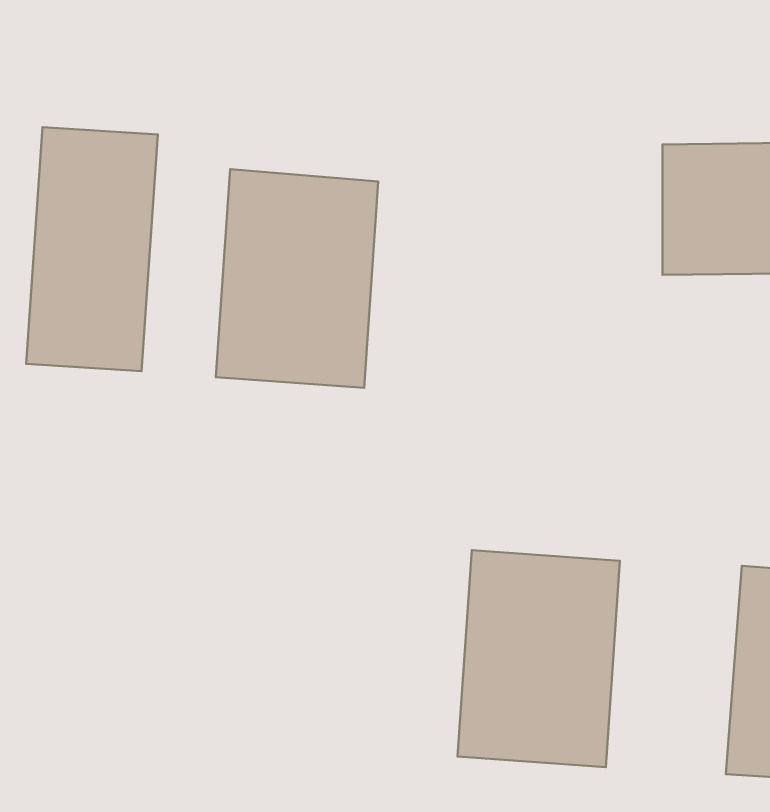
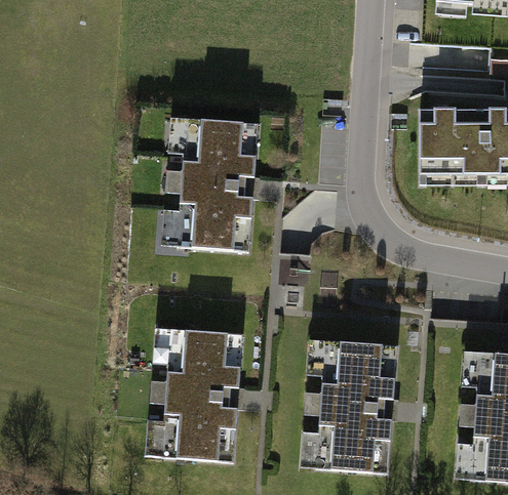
building: [26,127,158,371] -> none
building: none -> [151,329,245,456]

